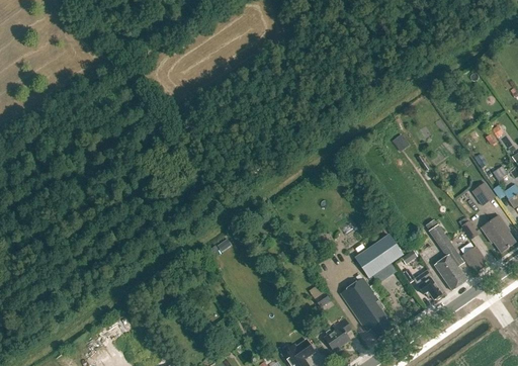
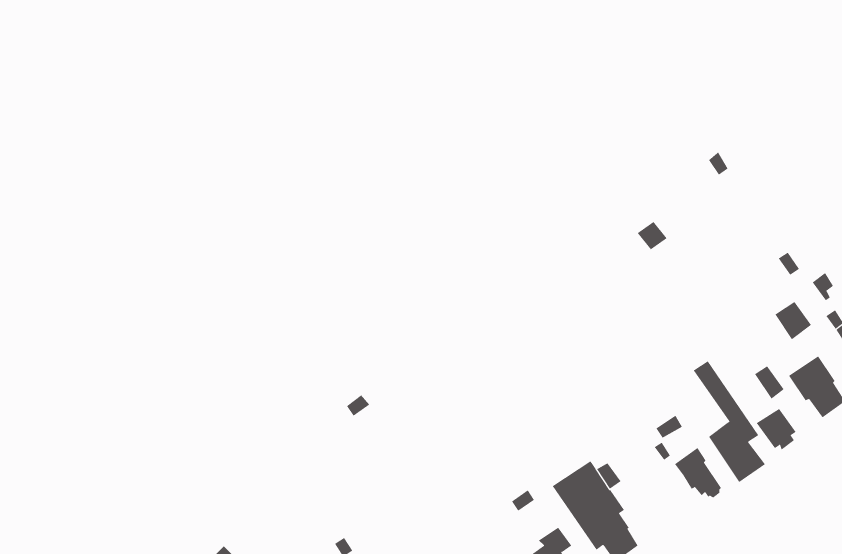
building: [352,230,402,277] -> none

